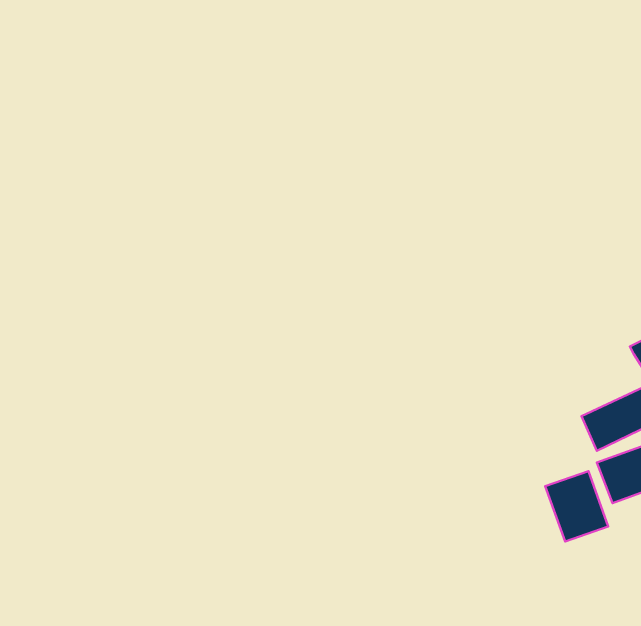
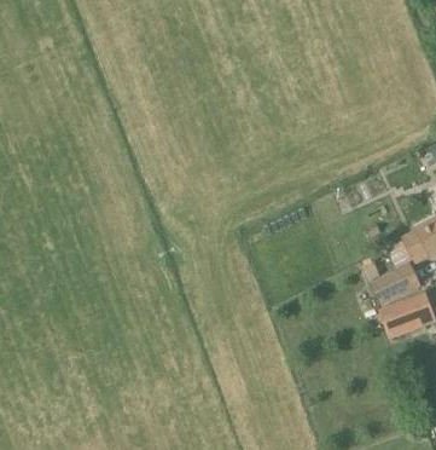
building: [545,471,608,541] -> none

